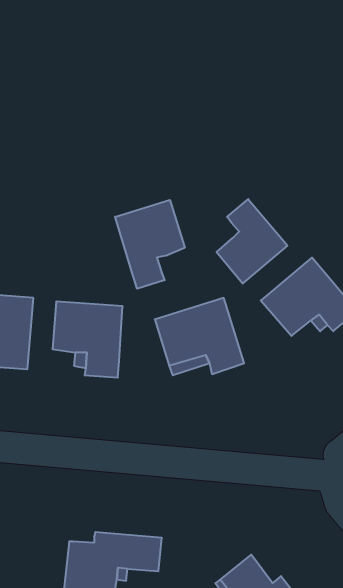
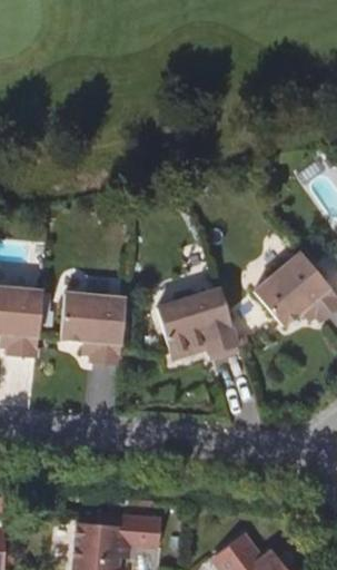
building: [217,199,287,284] -> none
building: [115,200,185,289] -> none

